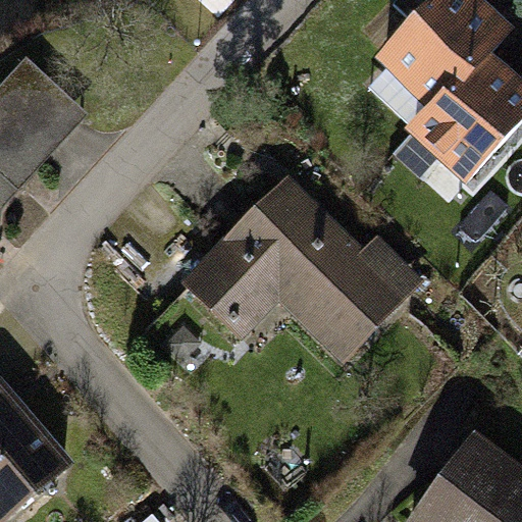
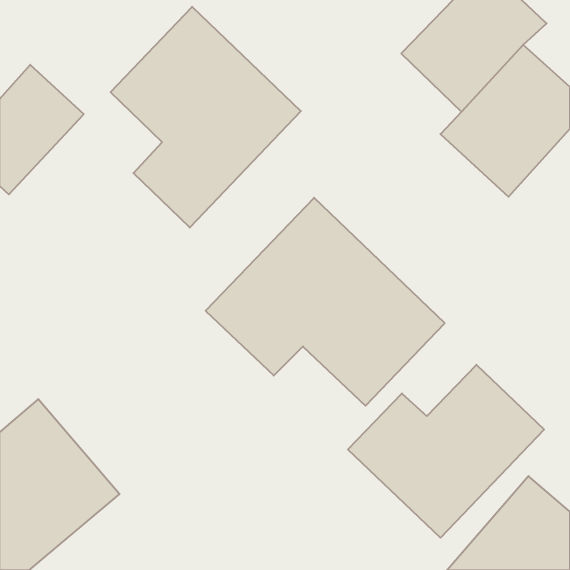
building: none -> [111,7,301,228]
building: none -> [348,365,544,538]

